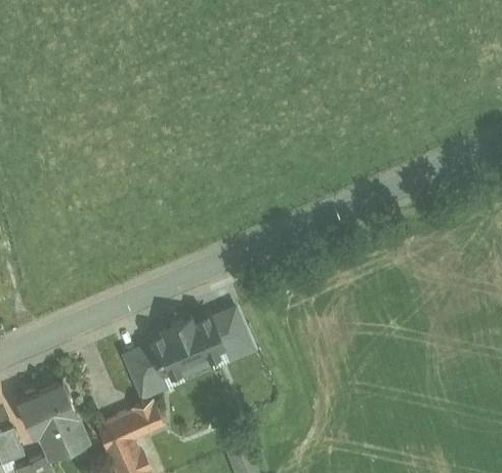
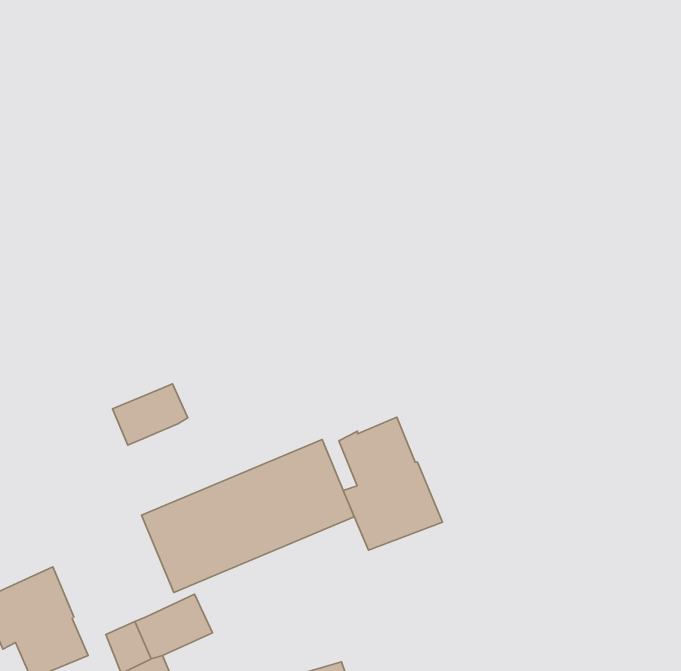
building: none -> [113,384,188,445]
building: none -> [339,417,443,550]

